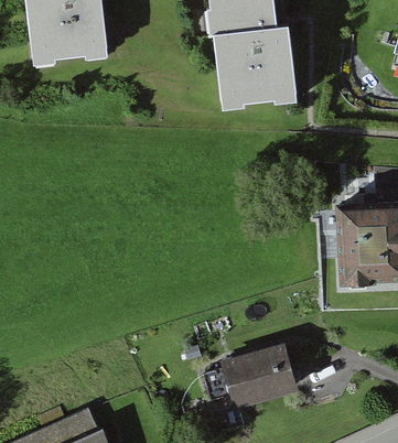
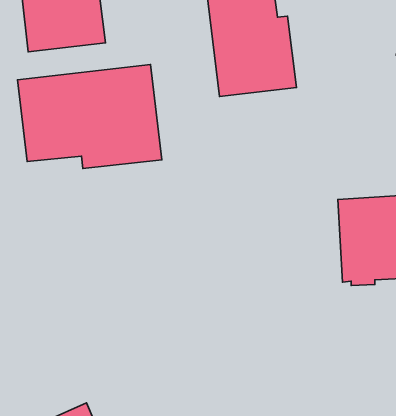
building: none -> [17,65,162,168]
building: [220,354,298,410] -> none

